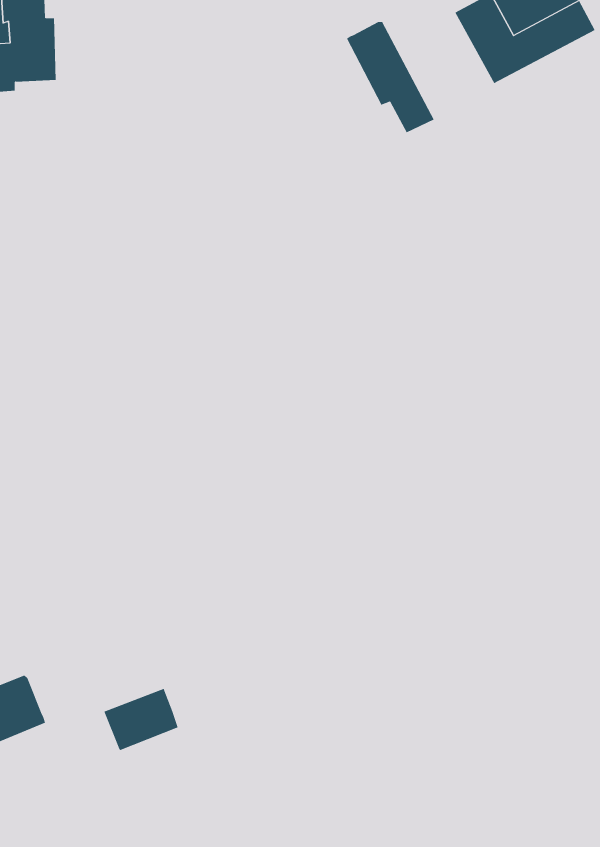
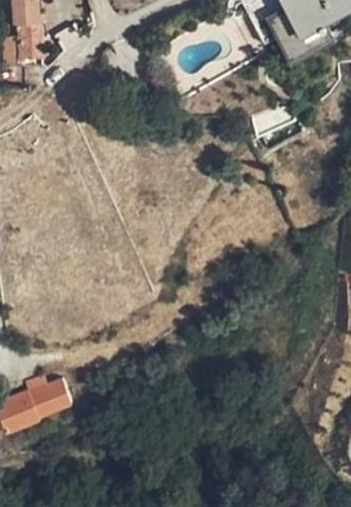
building: [346,21,434,133] -> none
building: [104,688,179,751] -> [28,378,70,413]

